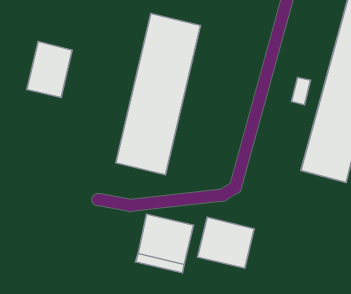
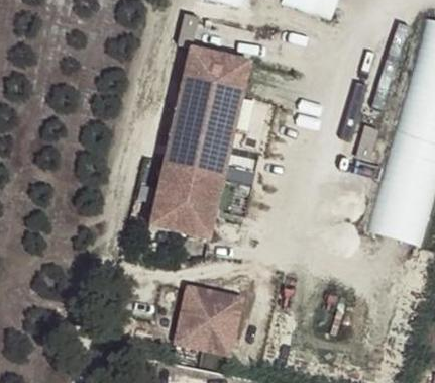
building: [27,42,72,97] -> none
building: [198,217,254,268] -> none

